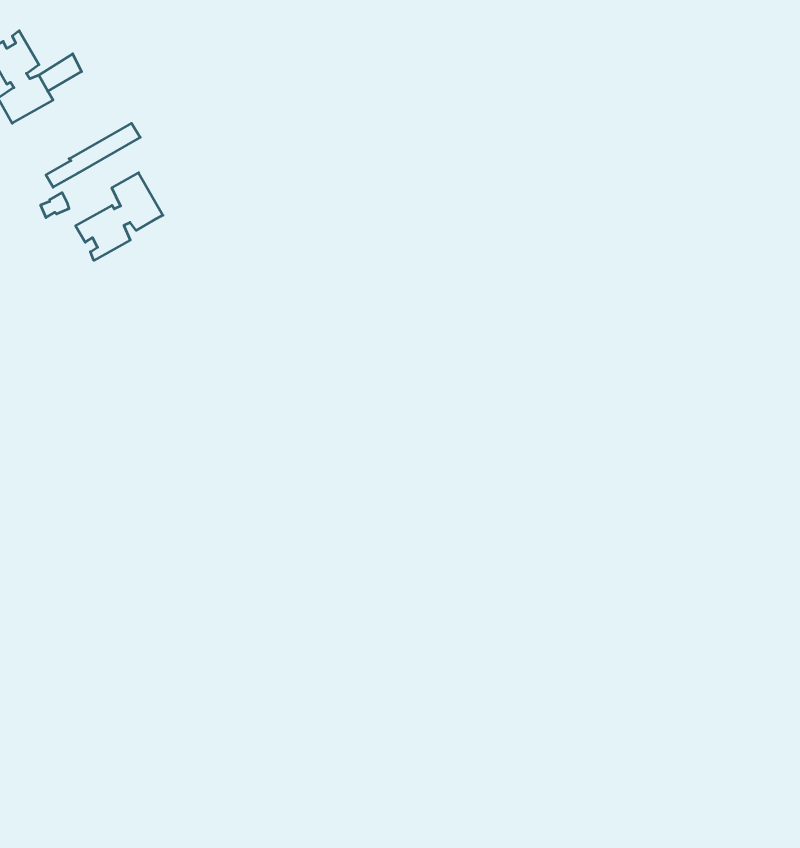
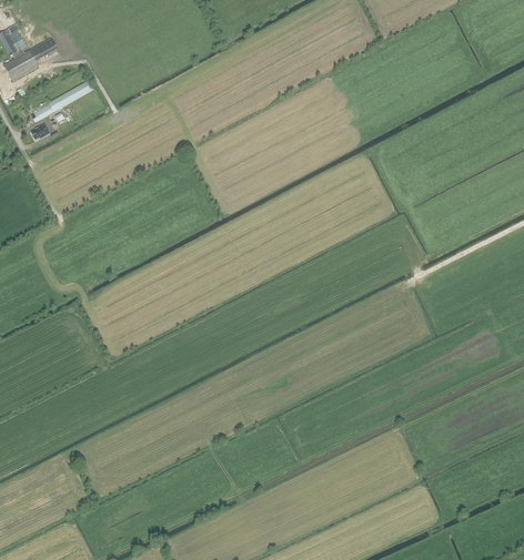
building: [76,173,163,260] -> none

